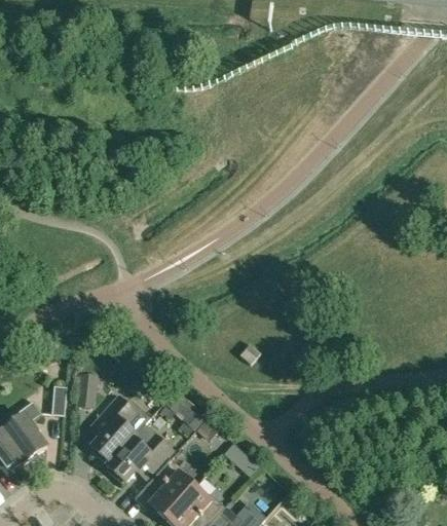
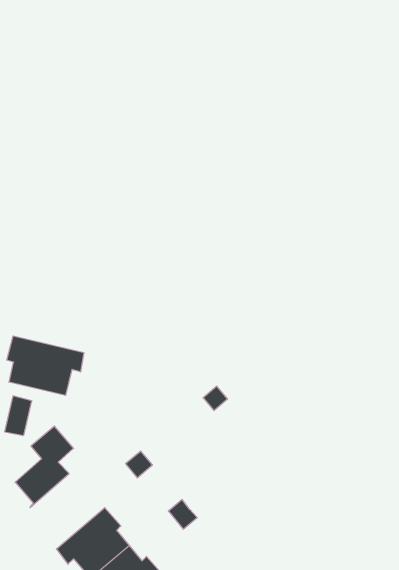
building: none -> [7,336,84,395]
building: [108,431,174,482] -> none

